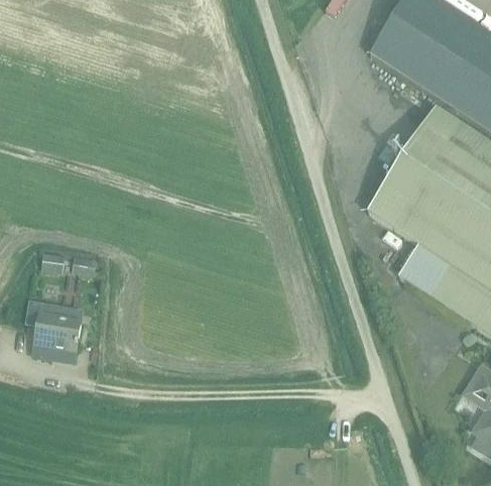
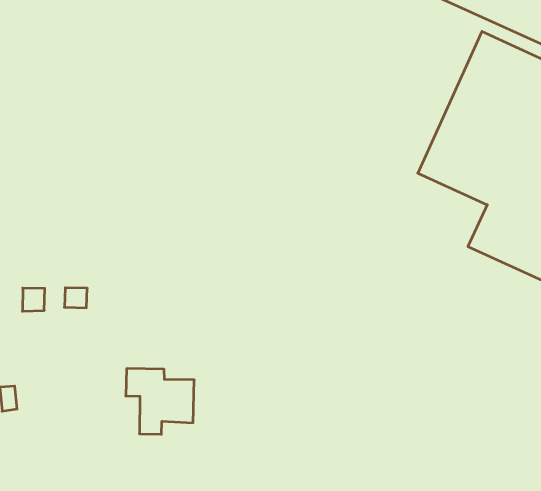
building: [26,298,82,354] -> [126,369,194,434]

